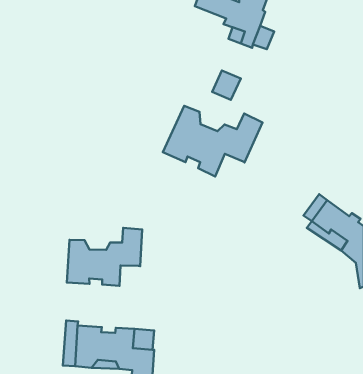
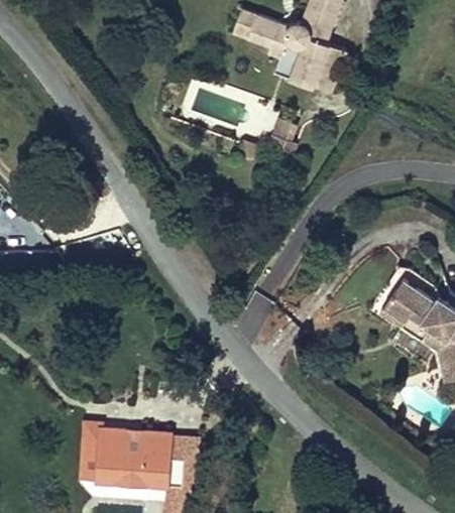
building: [163,106,263,176] -> none
building: [67,228,142,286] -> none

